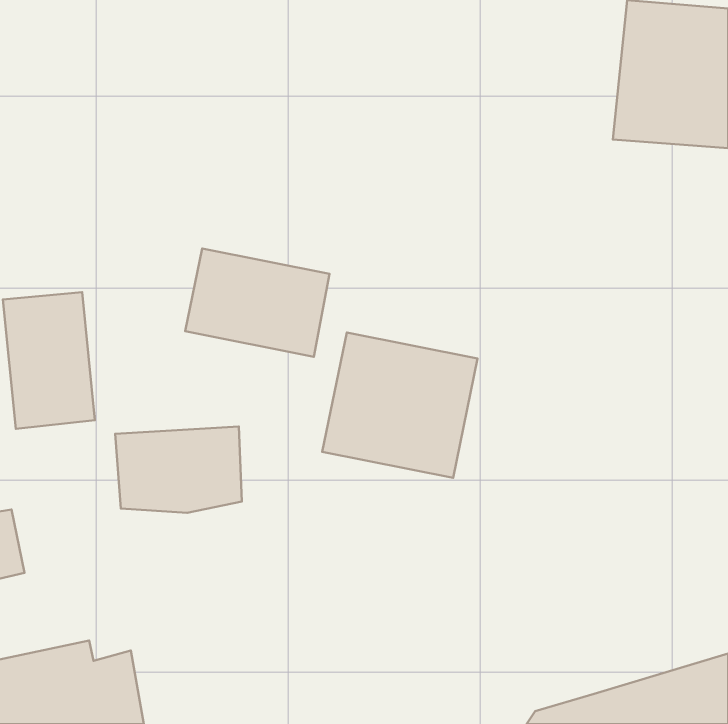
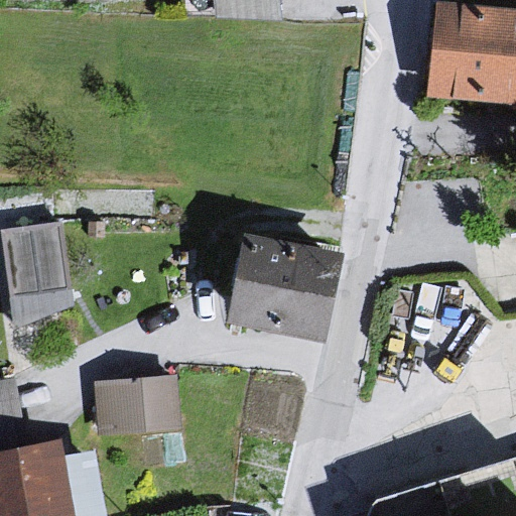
building: [185,248,329,357] -> none
building: [115,427,242,513] -> [91,380,179,440]

